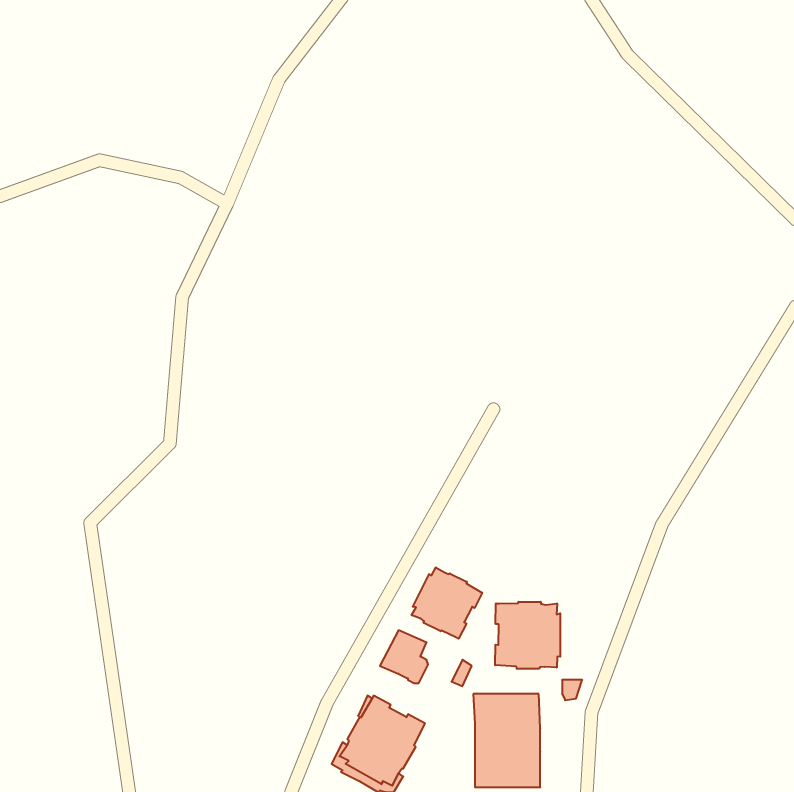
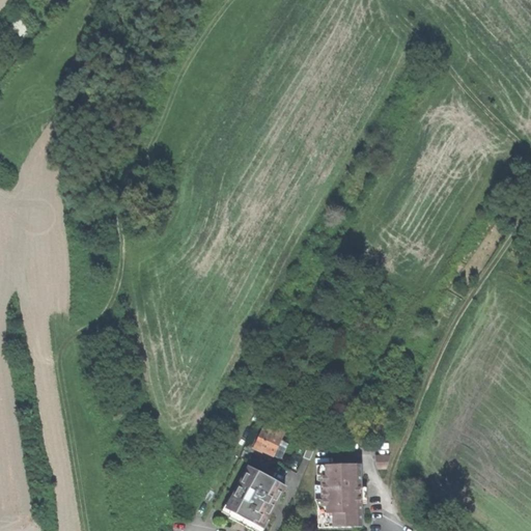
building: [412,567,482,639] -> none
building: [495,602,560,669] -> none

